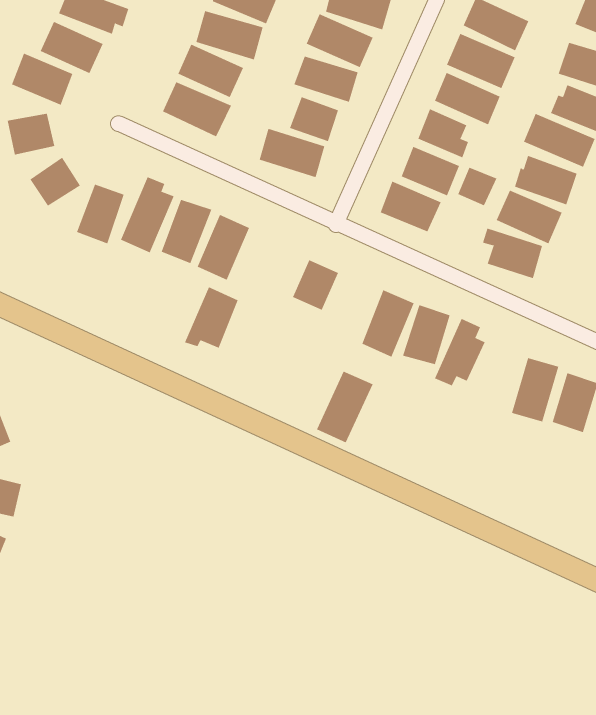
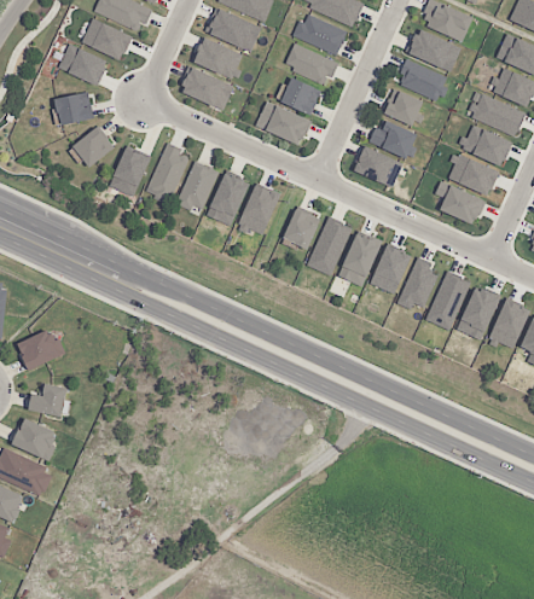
building: [458,167,497,206] -> none
building: [184,287,239,348] -> [237,185,280,234]
building: none -> [426,273,471,331]
building: [316,371,374,443] -> [307,219,353,277]

